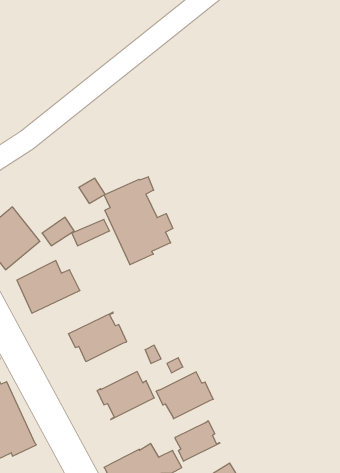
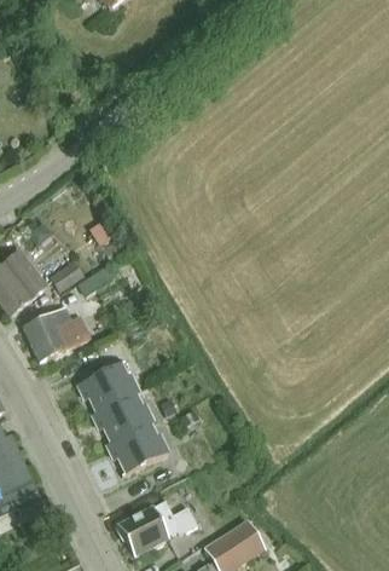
building: [104,177,173,265] -> none
building: [156,372,213,419] -> [93,393,153,443]
building: [175,421,220,461] -> none

